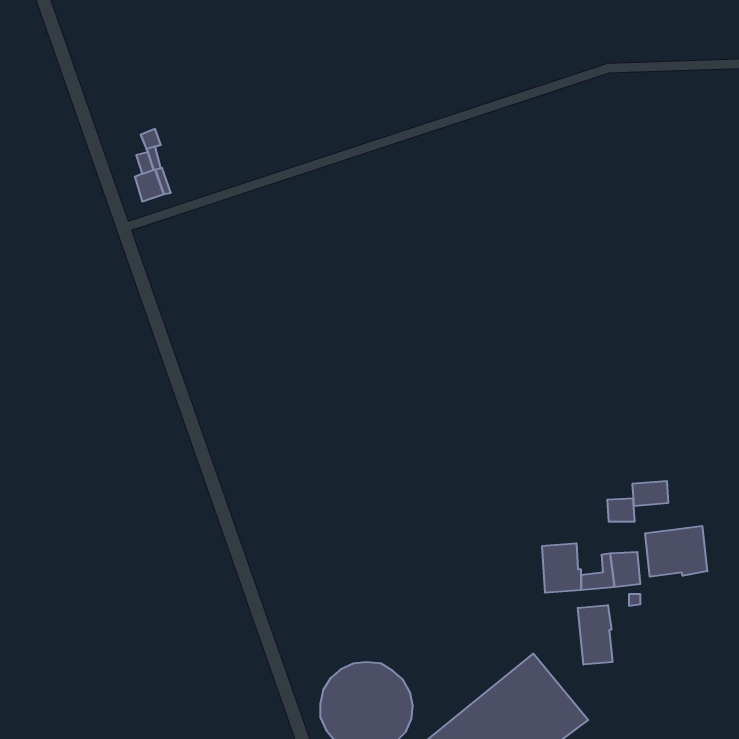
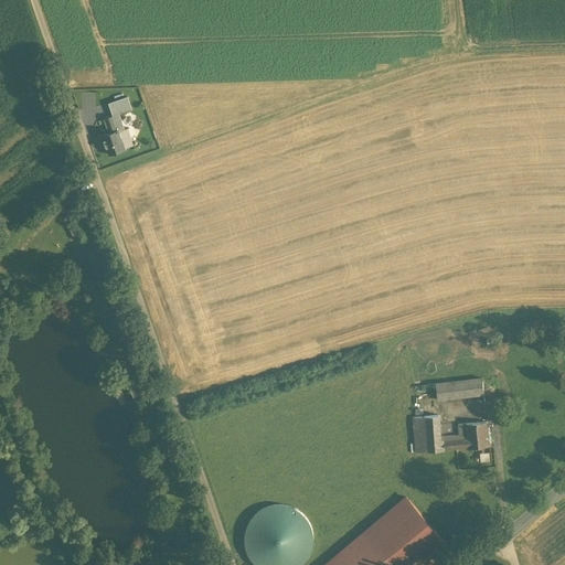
building: [632,481,668,506] -> [436,382,463,401]
building: [645,526,707,577] -> none
building: [578,605,612,665] -> none

